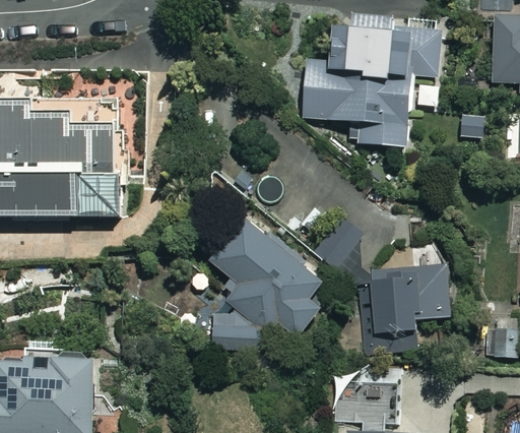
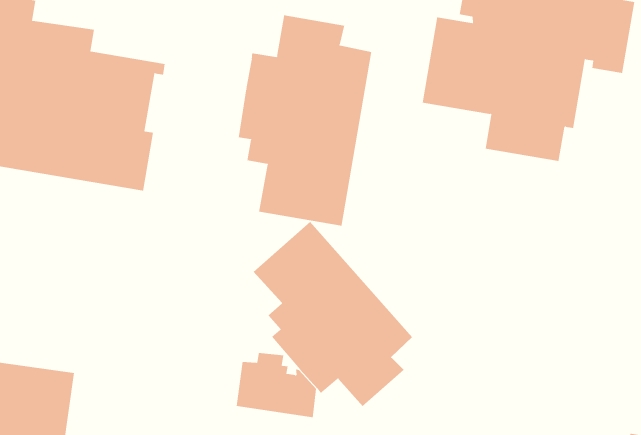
building: none -> [238,14,372,226]
building: [373,259,449,330] -> none

